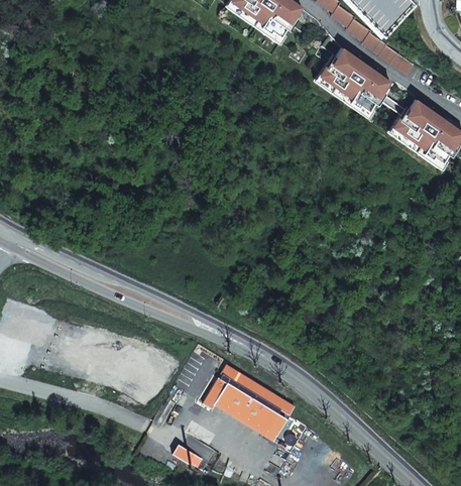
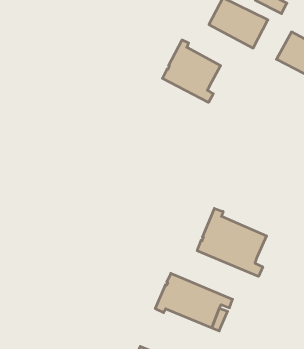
building: none -> [162,40,221,102]
building: none -> [197,208,267,276]

